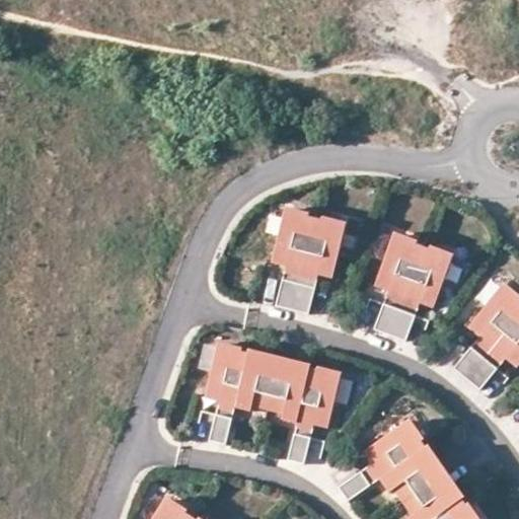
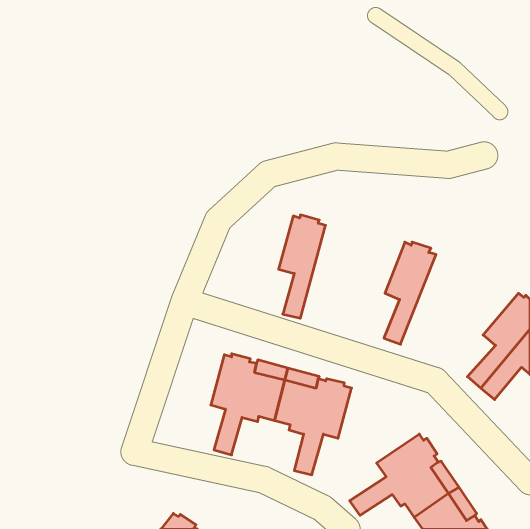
building: [292,217,347,313] -> none
building: [389,247,453,342] -> none

